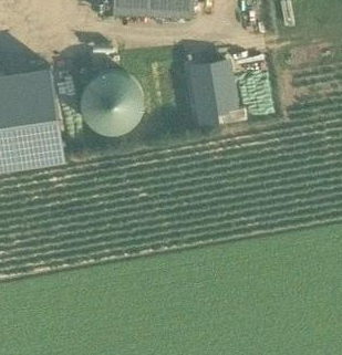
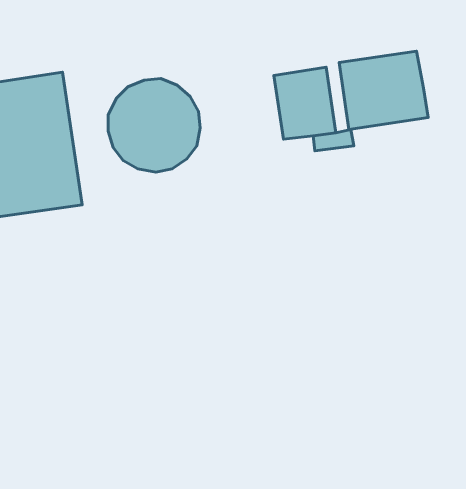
building: none -> [339,51,428,129]

